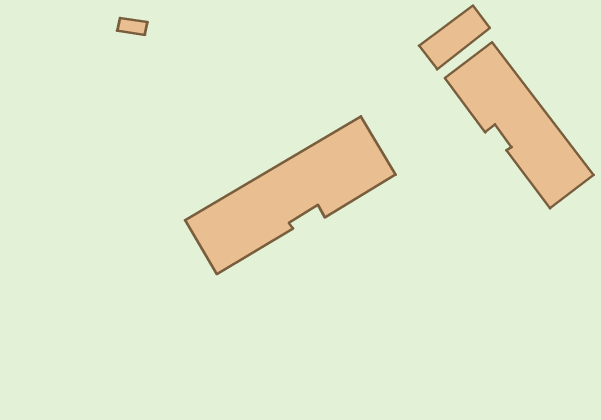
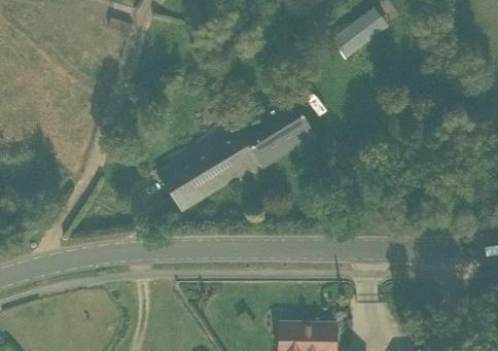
building: [445,42,594,208] -> none

